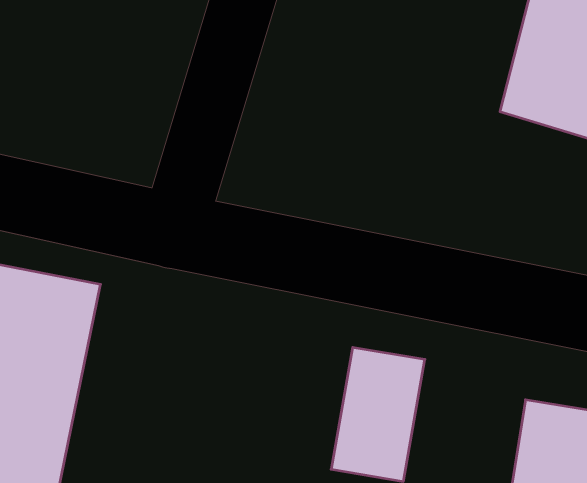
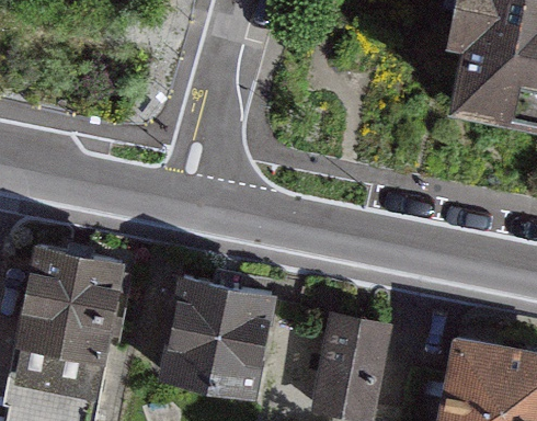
building: none -> [161,273,276,391]

